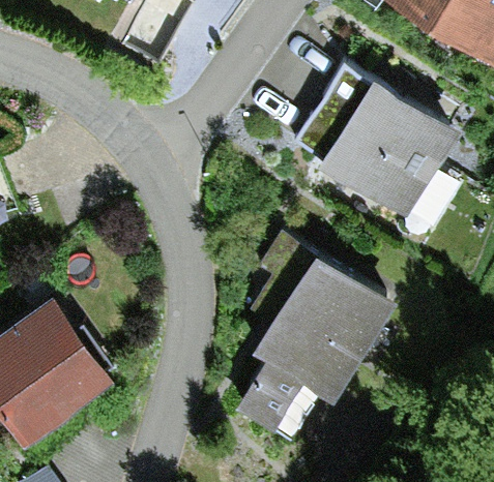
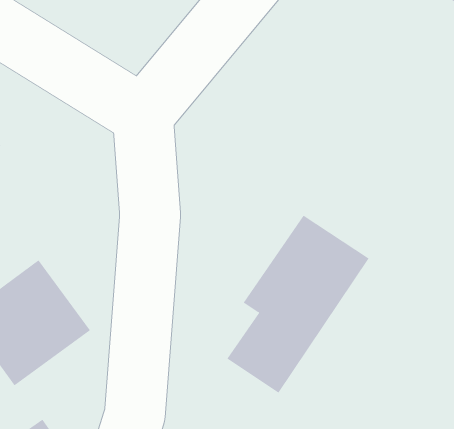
building: [297,69,449,210] -> none

